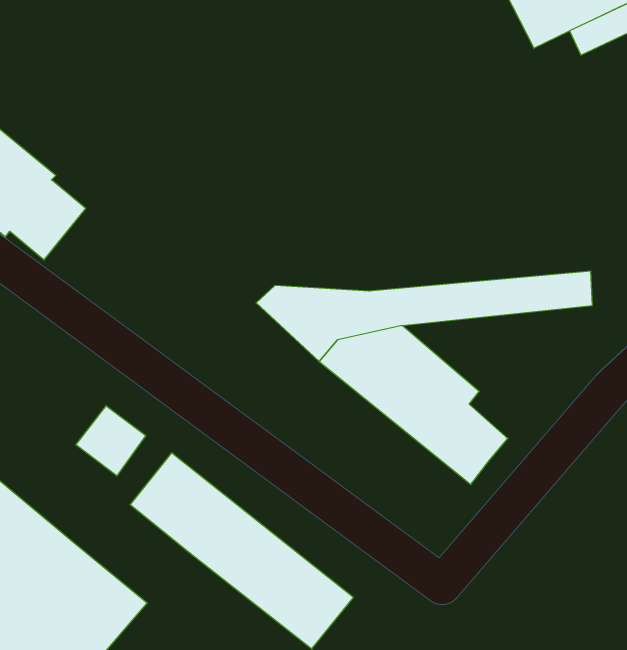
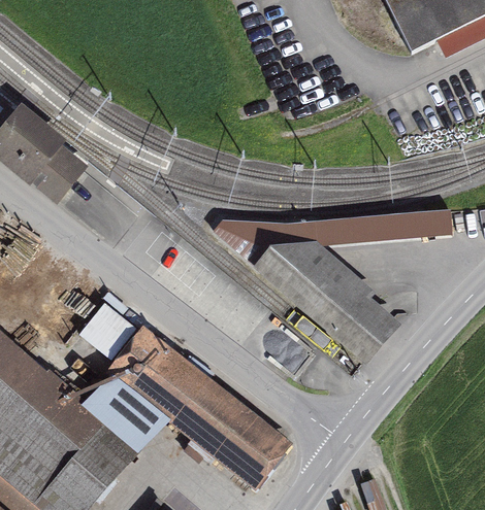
building: none -> [80,376,163,447]

